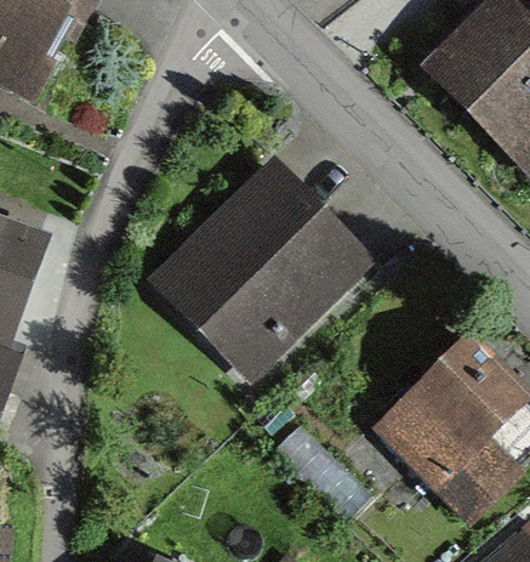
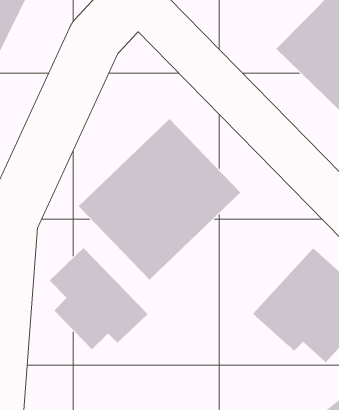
building: none -> [49,247,149,350]

